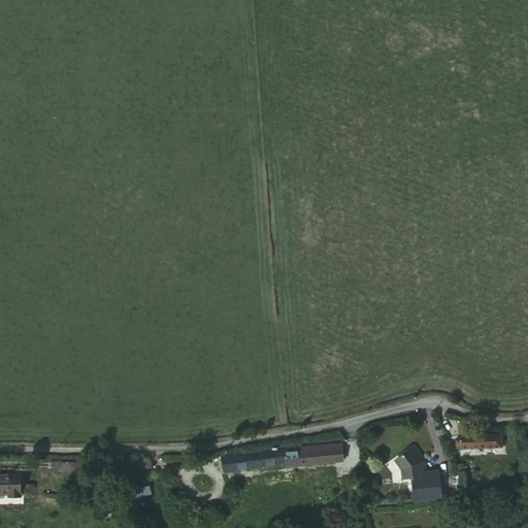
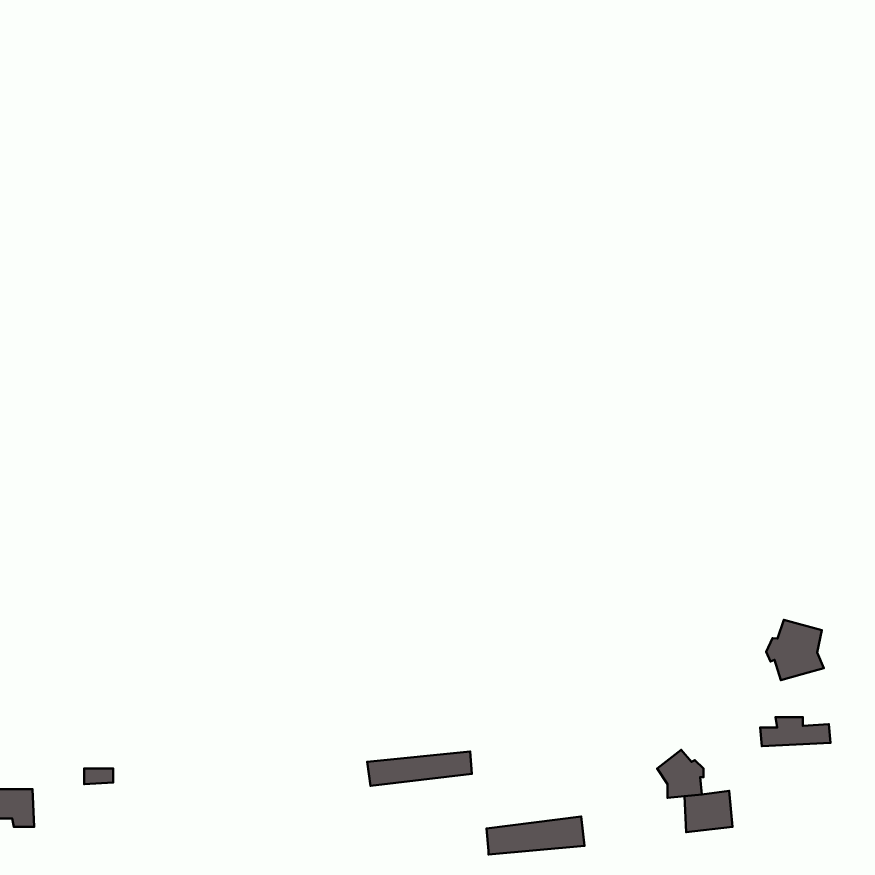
building: none -> [766,620,824,680]
building: [283,444,341,467] -> [487,817,584,854]

